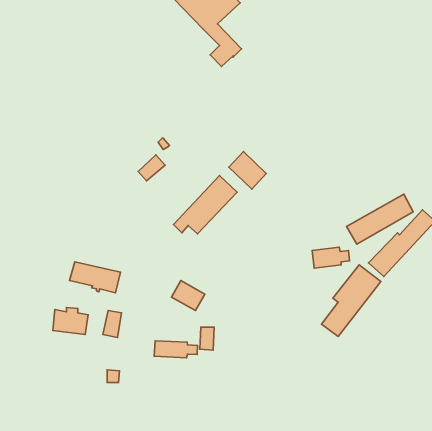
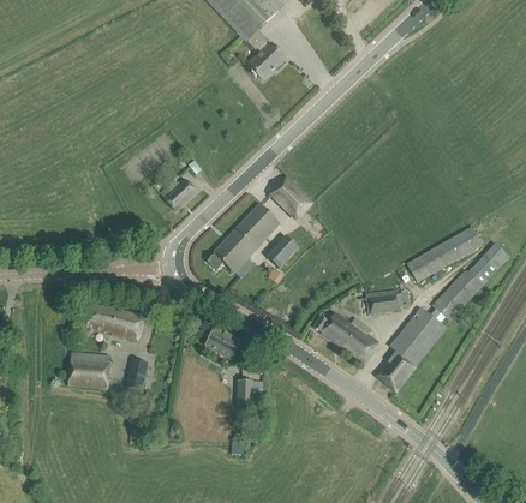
building: none -> [265,235,299,268]
building: none -> [312,312,378,363]
building: [154,341,197,358] -> none

